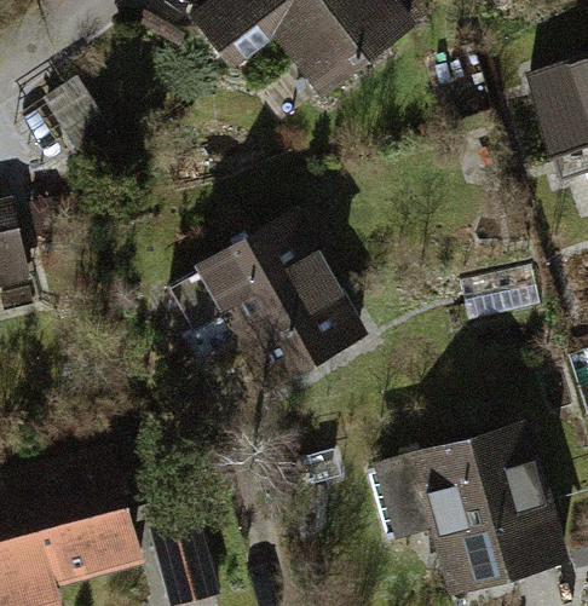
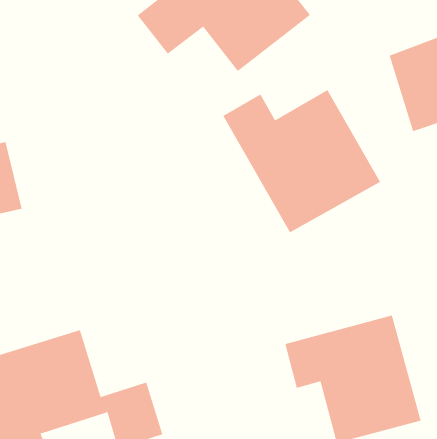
building: none -> [223,89,381,233]
building: [165,207,369,388] -> none

